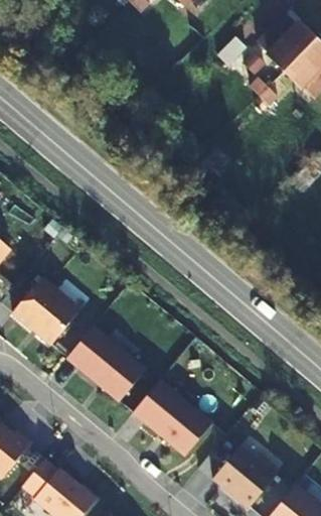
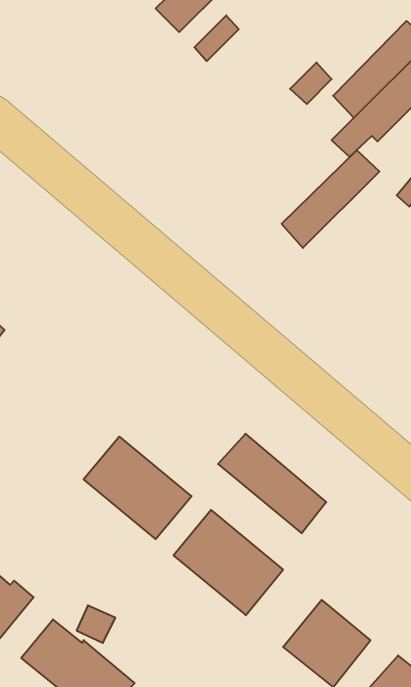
building: none -> [282,150,379,248]
building: [12,276,79,344] -> none
building: none -> [218,434,326,533]

